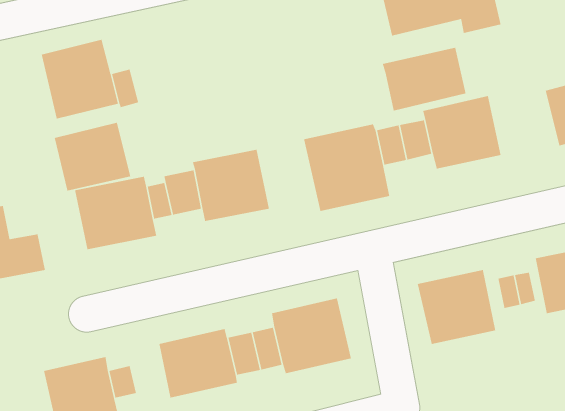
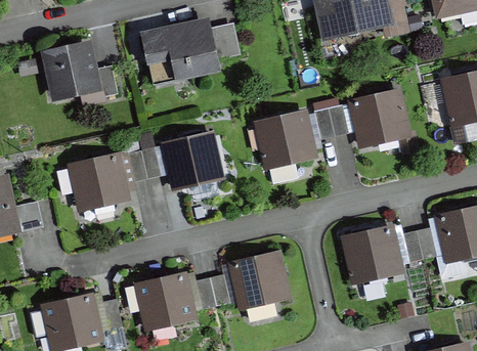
building: none -> [133,17,241,90]
building: [382,47,466,111] -> none
building: [54,122,131,192] -> none

